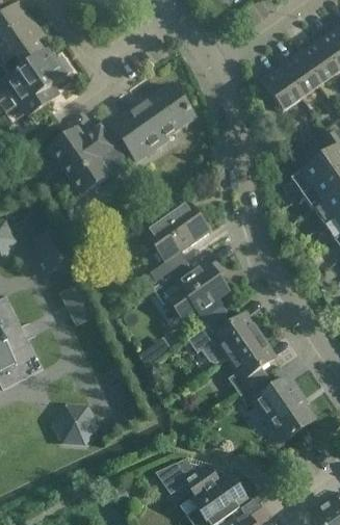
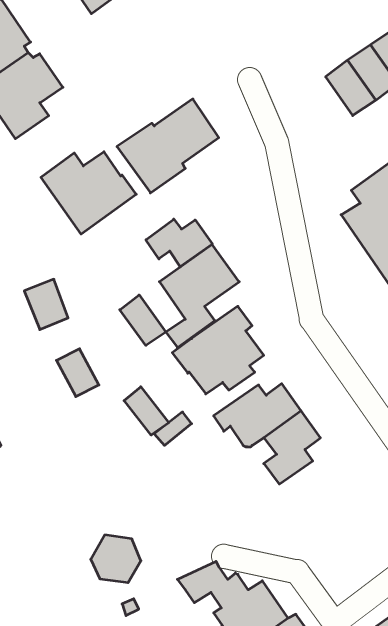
building: [260,65,302,110] -> none
building: none -> [146,219,212,267]
building: none -> [120,295,166,345]
building: none -> [124,387,169,435]
building: [242,375,315,441] -> none
building: [55,404,96,443] -> [91,535,141,583]

